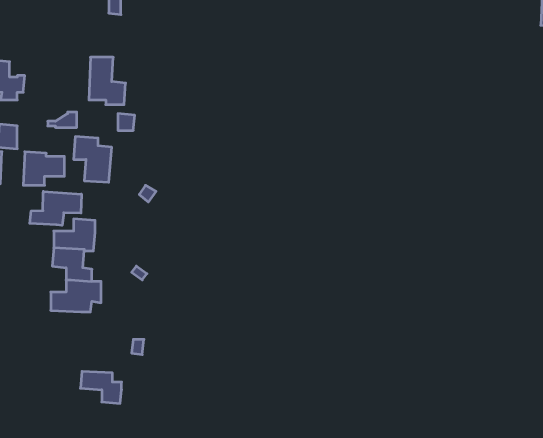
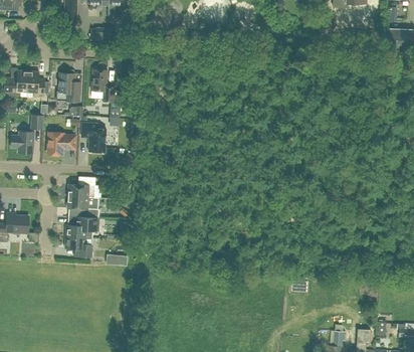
building: none -> [56,70,80,103]
building: [30,191,81,225] -> none
building: [80,371,122,403] -> [64,236,91,257]

